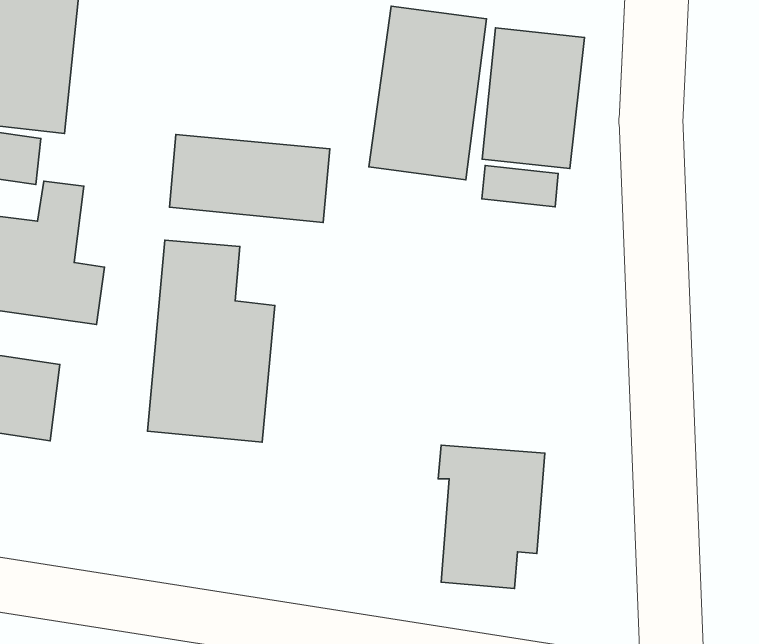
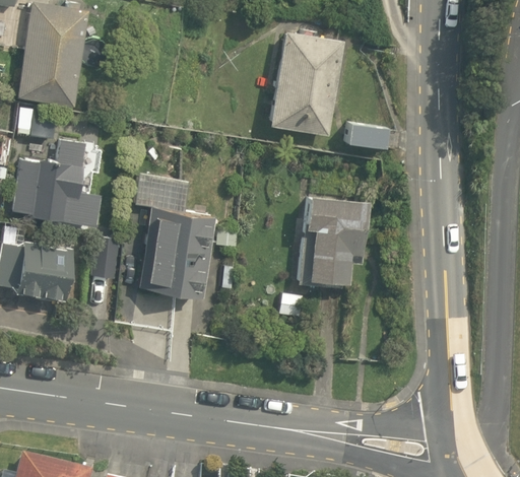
building: [482,28,585,168] -> none
building: [170,135,330,223] -> none
building: [438,445,545,588] -> [299,197,367,288]

